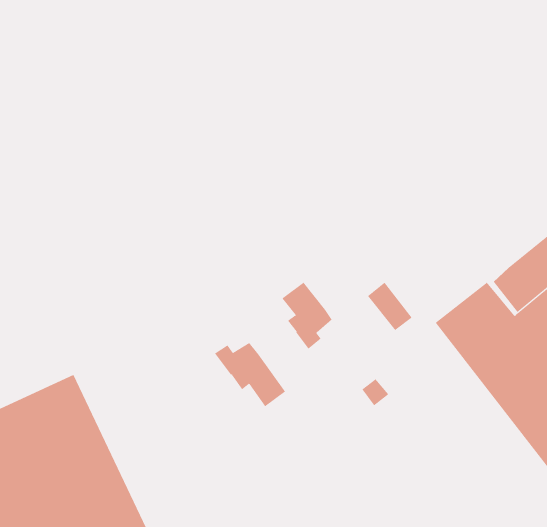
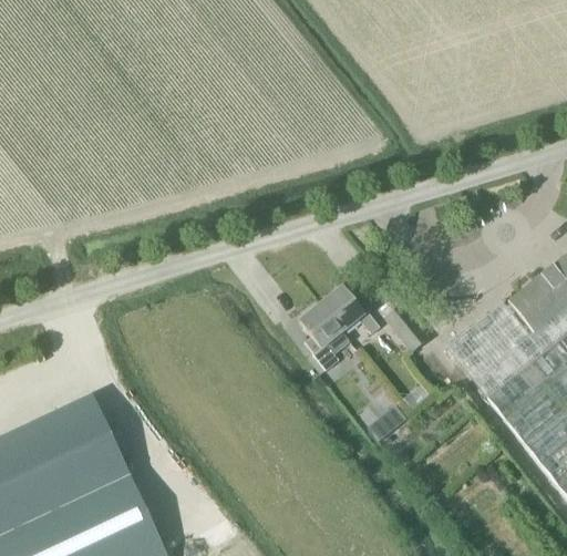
building: none -> [321,289,380,337]
building: [214,342,286,407] -> none

